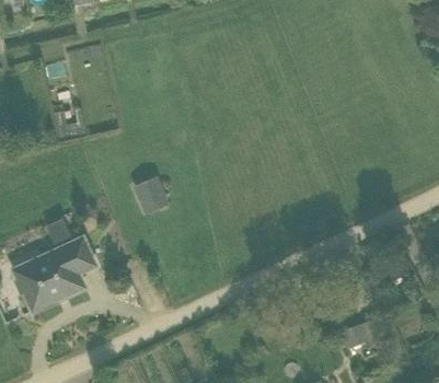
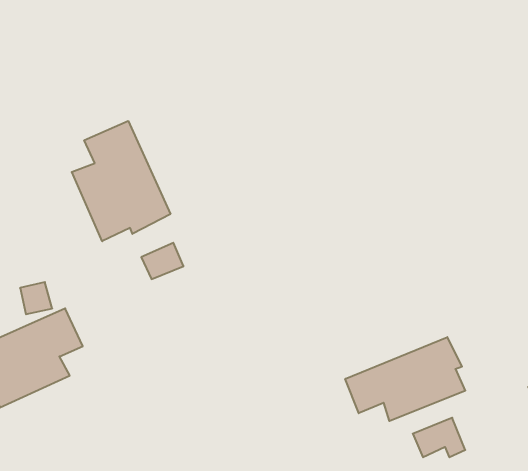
building: none -> [72,121,170,241]
building: none -> [345,337,465,421]

